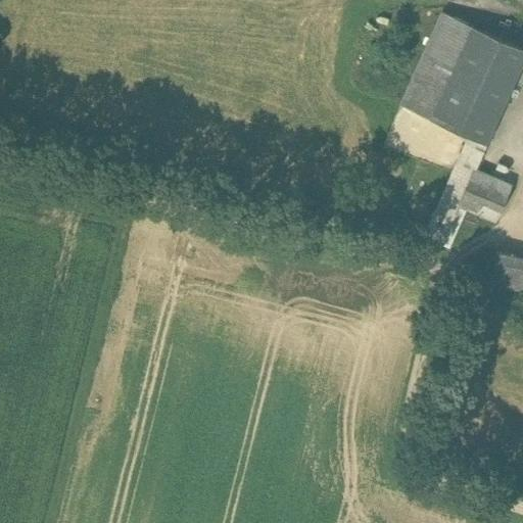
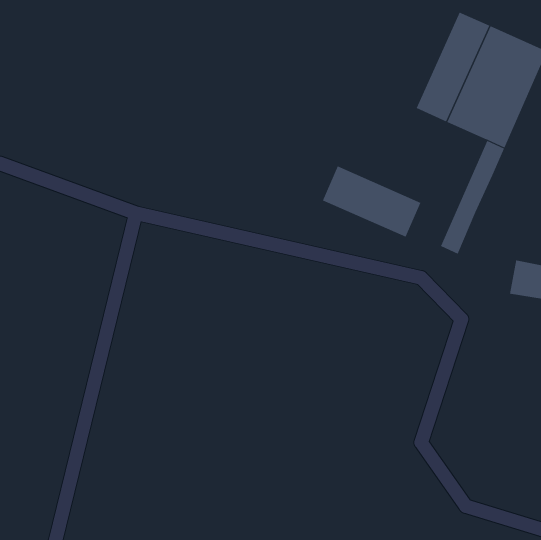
building: none -> [322,166,421,238]
building: [460,171,513,223] -> none

